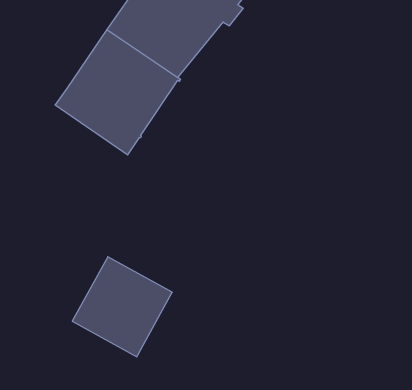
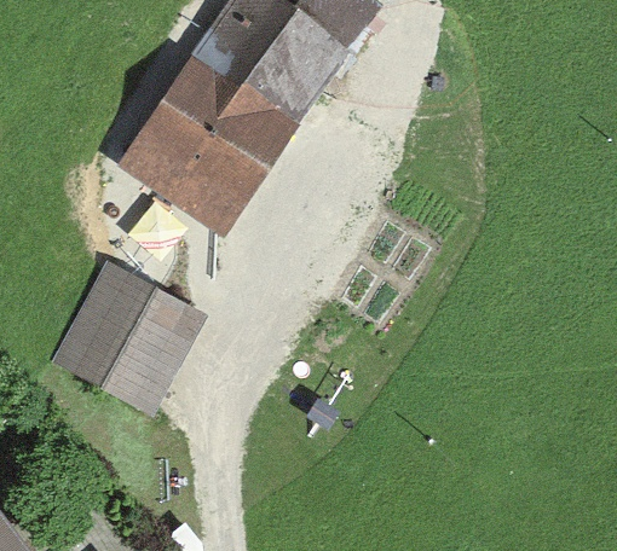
building: [72,257,172,357] -> [62,271,195,404]

